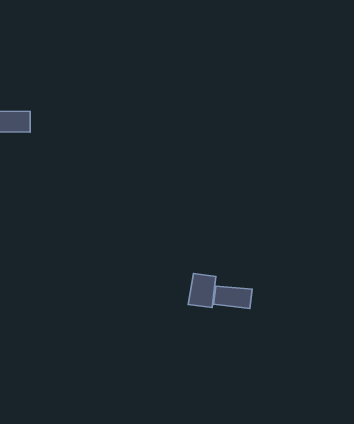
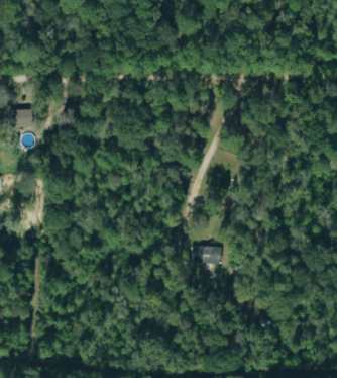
building: [188,274,216,307] -> none

